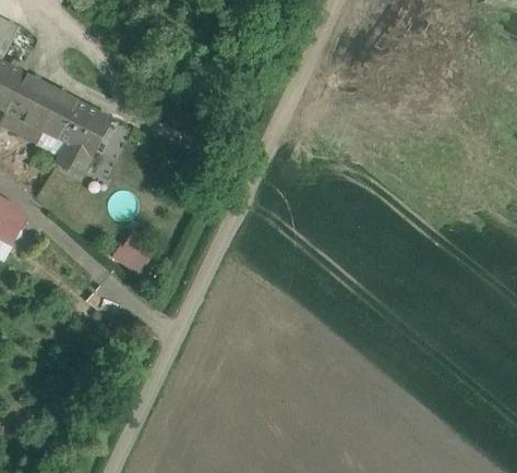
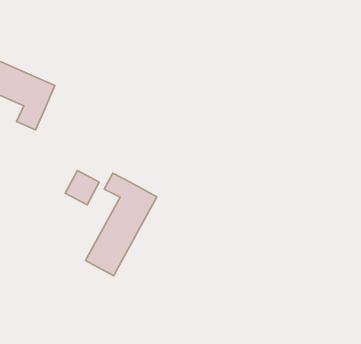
building: none -> [86,173,157,276]

